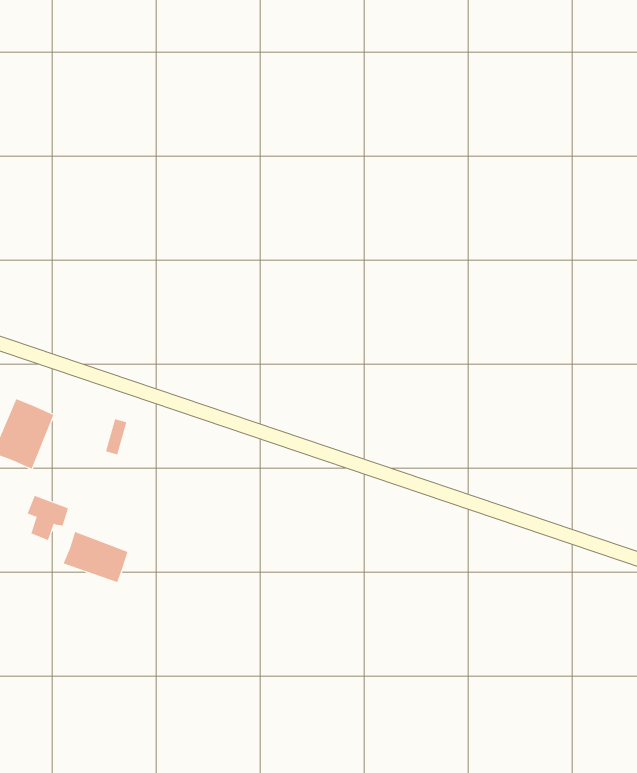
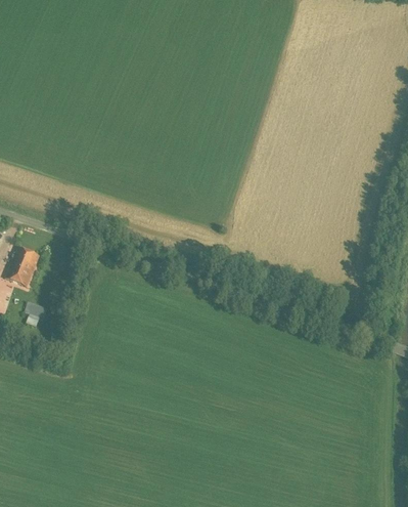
building: [63,531,128,583] -> none

